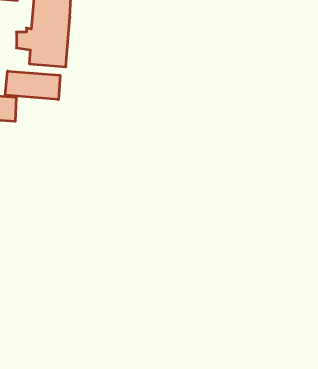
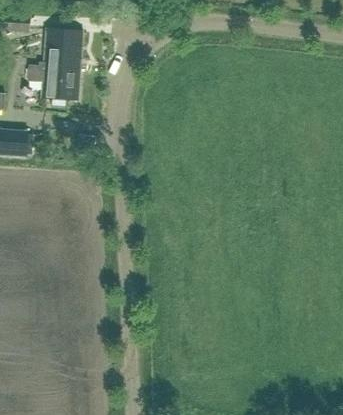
building: [5,71,60,100] -> none

